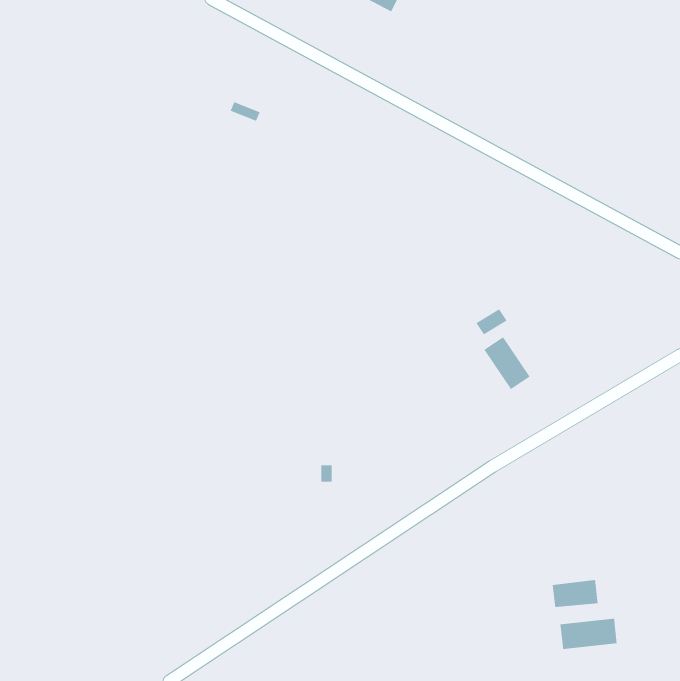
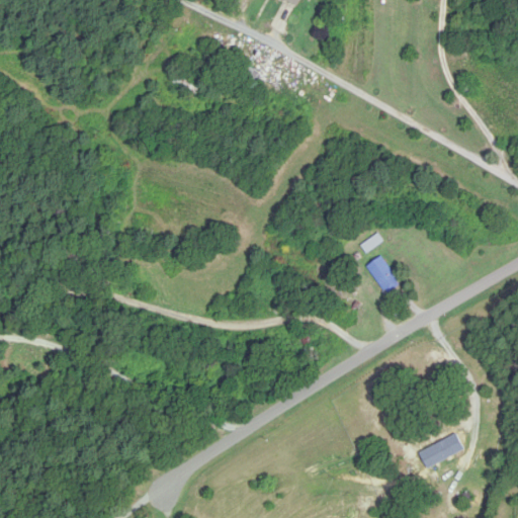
building: [560,618,617,650] -> none

